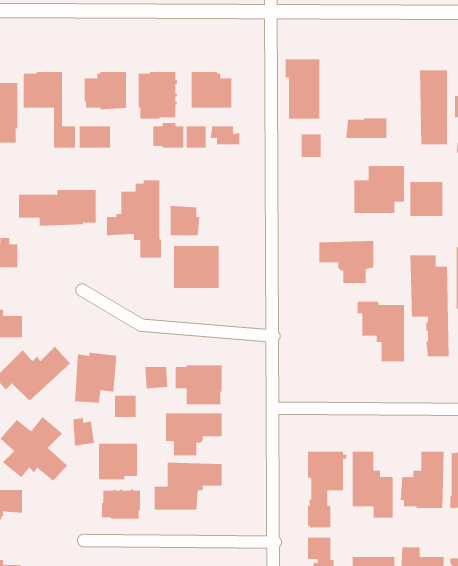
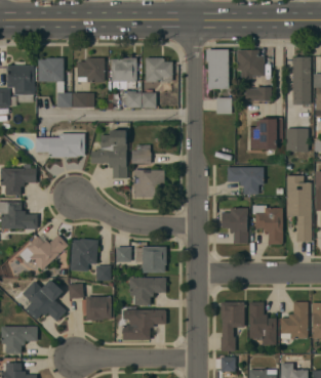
building: none -> [237,49,265,78]
building: none -> [222,207,248,243]
building: [102,488,141,520] -> none

